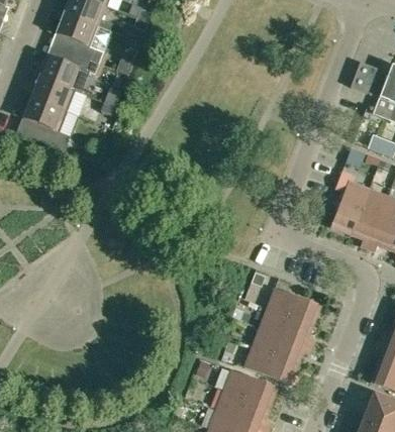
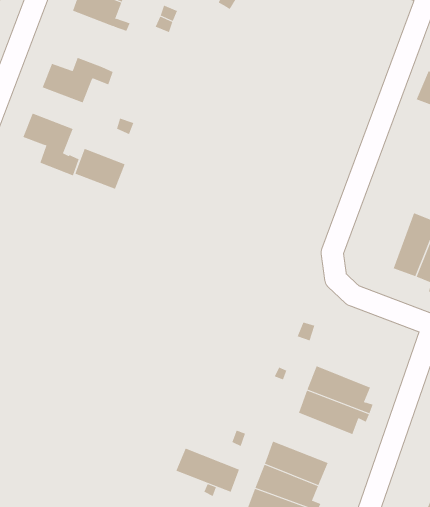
building: [57,12,104,63] -> none
building: [31,76,74,110] -> [74,148,125,190]
building: [268,288,321,325] -> none
building: [244,346,298,384] -> [175,448,240,493]

